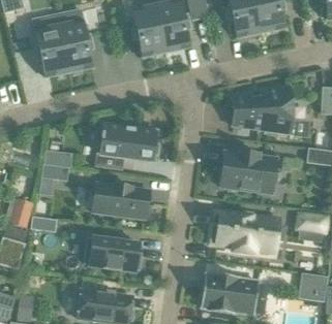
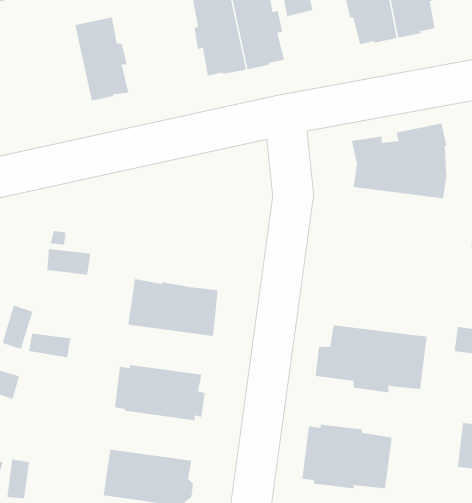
building: [35,24,69,75] -> none
building: [94,123,159,169] -> none
building: [220,151,276,192] -> none

